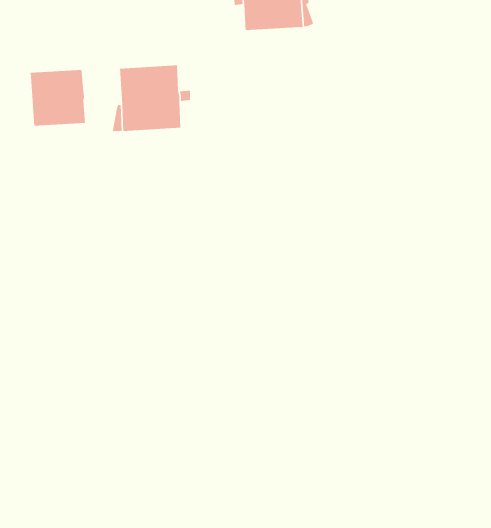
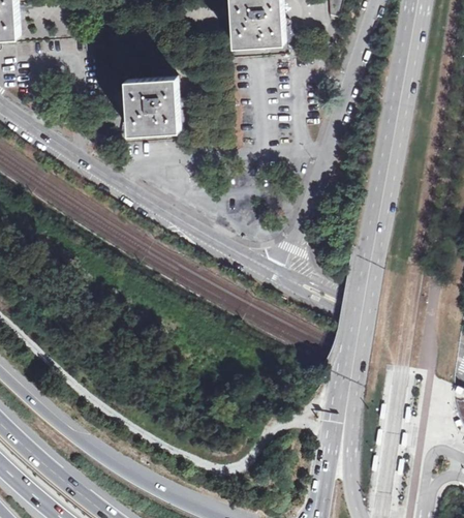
building: [30,69,86,127] -> none

